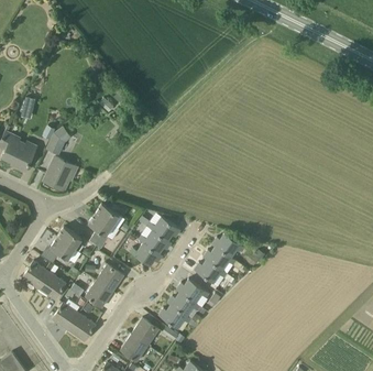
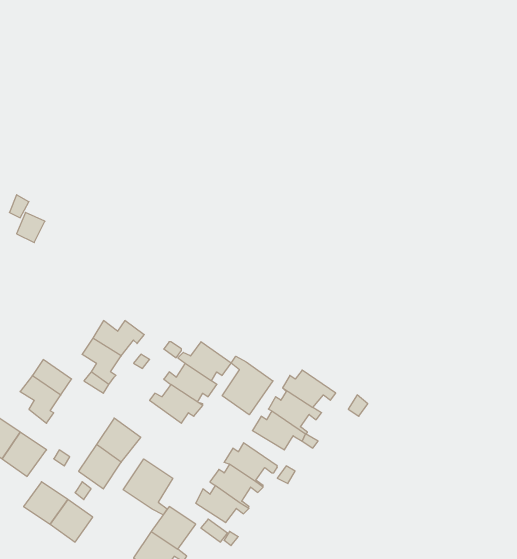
building: [44,157,76,189] -> none
building: none -> [222,356,273,415]
building: none -> [123,459,173,515]

